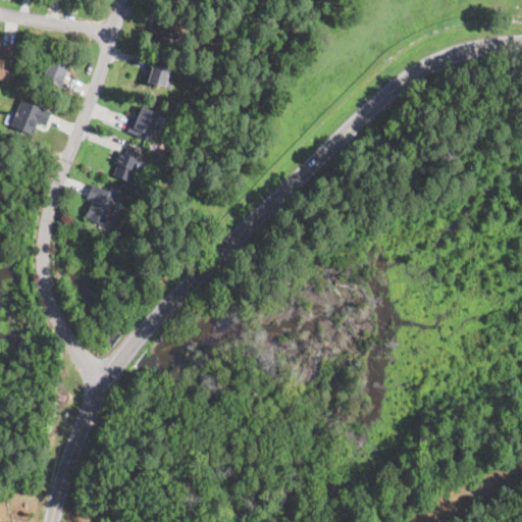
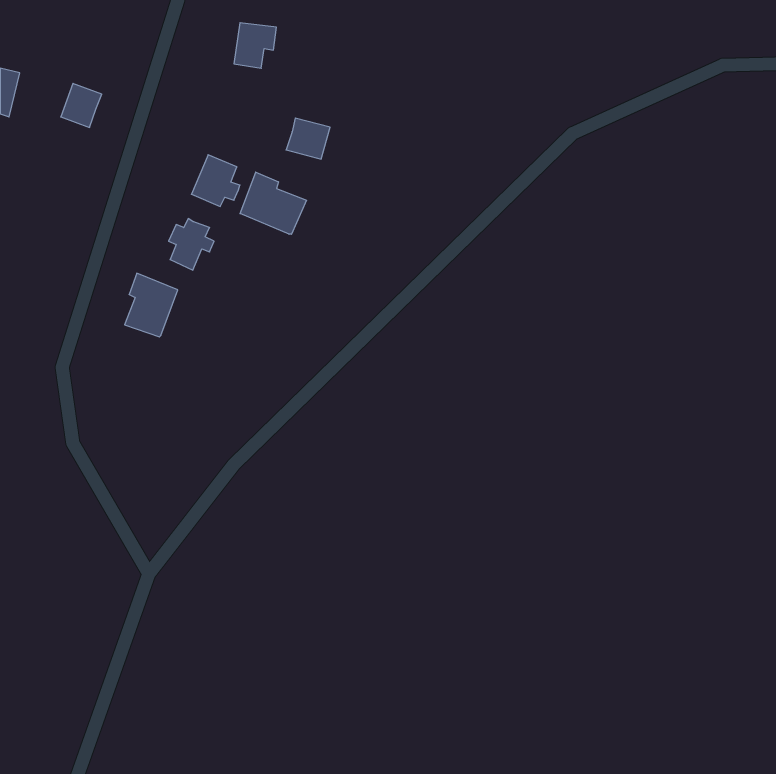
building: [145,61,174,89] -> [286,118,330,159]
building: [10,100,51,136] -> none
building: none -> [240,172,306,234]

